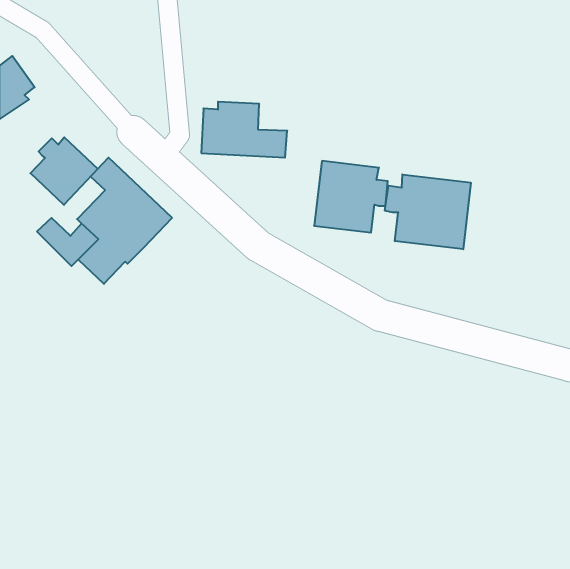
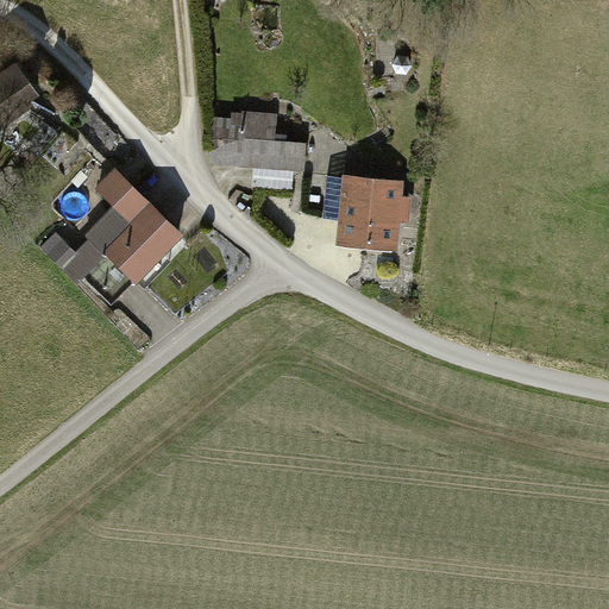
building: [30,137,98,205] -> none
building: [385,174,471,249] -> none

